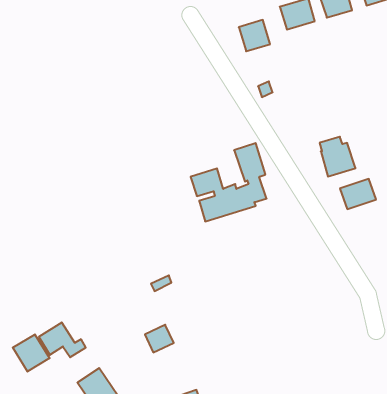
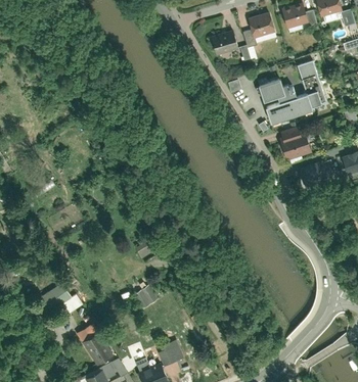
building: [191,143,267,221] -> [259,56,323,123]
building: [13,334,50,372] -> none

